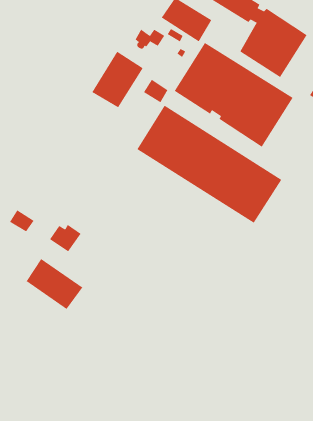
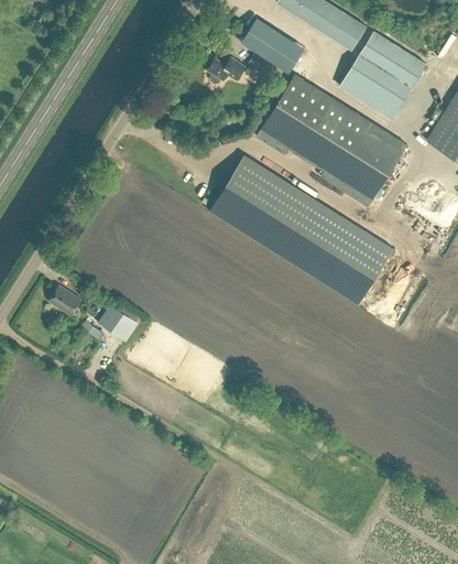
building: [92,51,143,108] -> none
building: [143,79,168,103] -> none
building: [26,258,83,310] -> none

